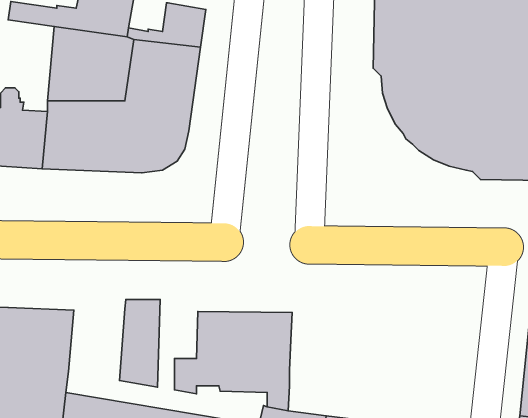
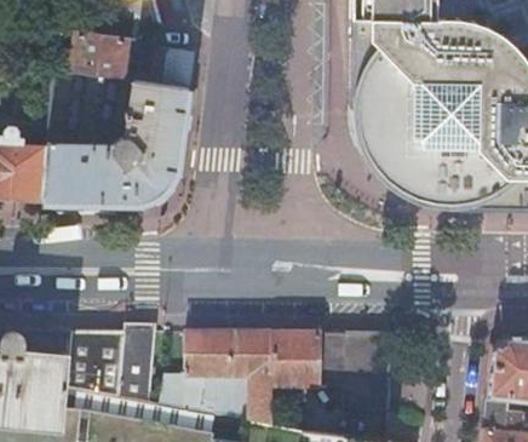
building: none -> [69,331,121,397]
building: none -> [274,334,391,413]

